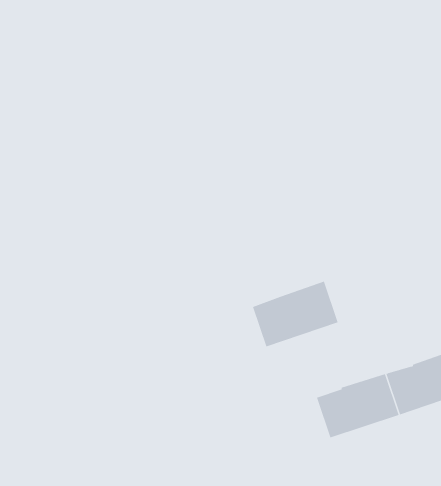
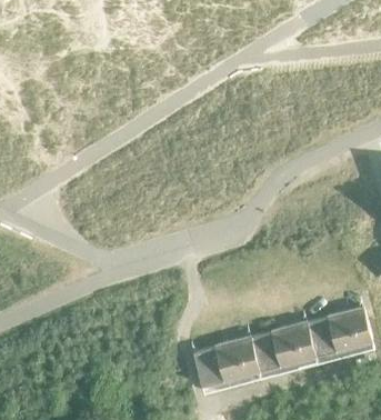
building: [252,281,339,347] -> [194,339,261,388]

